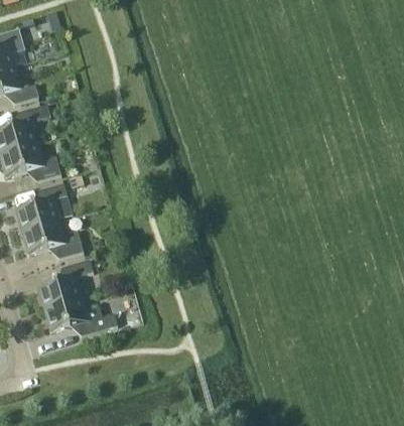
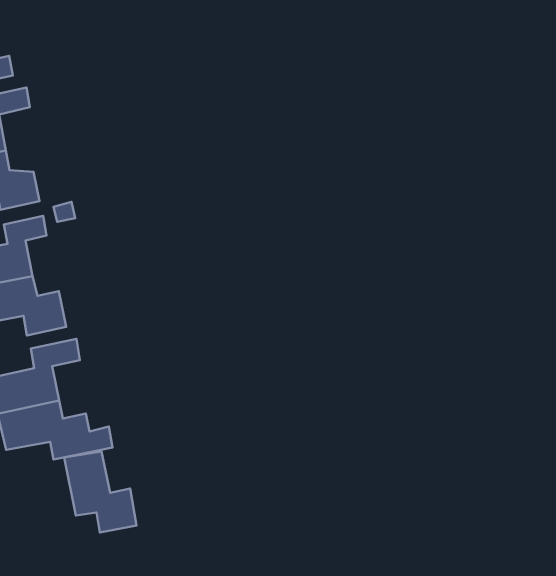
building: none -> [64,452,137,533]

